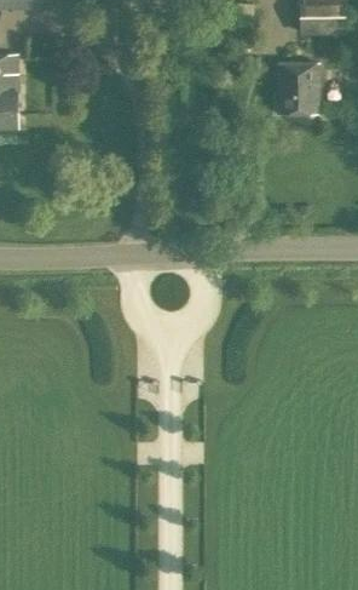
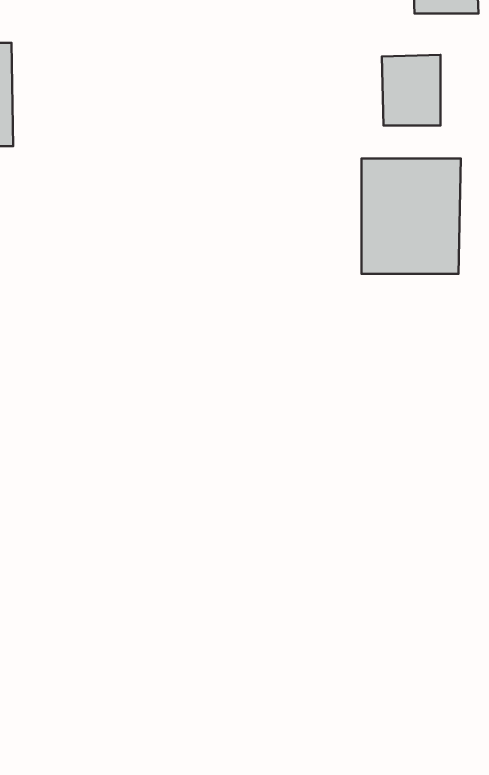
building: none -> [361,158,461,274]

